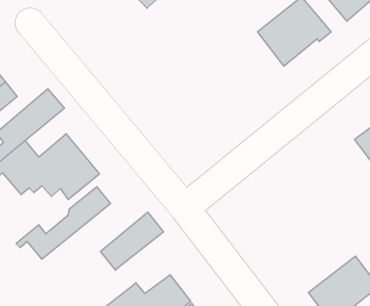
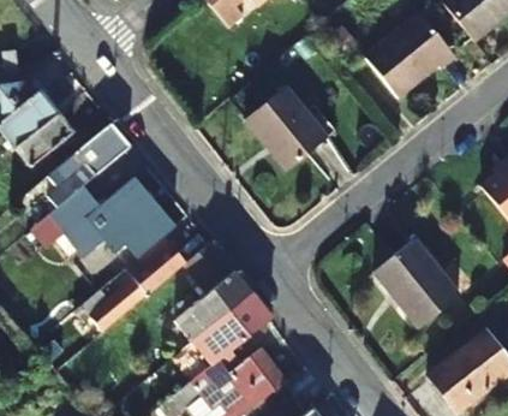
building: none -> [247,84,329,167]
building: none -> [376,237,461,326]
building: none -> [195,298,269,366]

